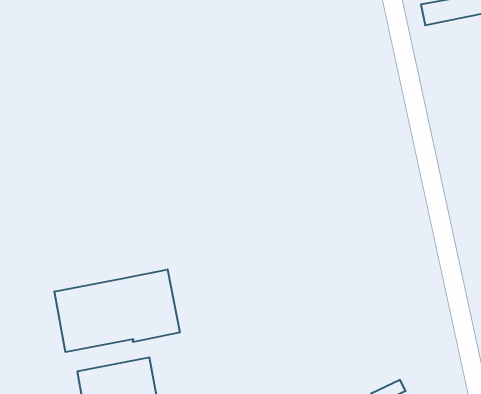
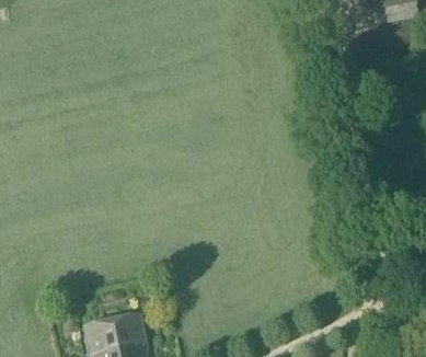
building: [54,269,180,352] -> none

